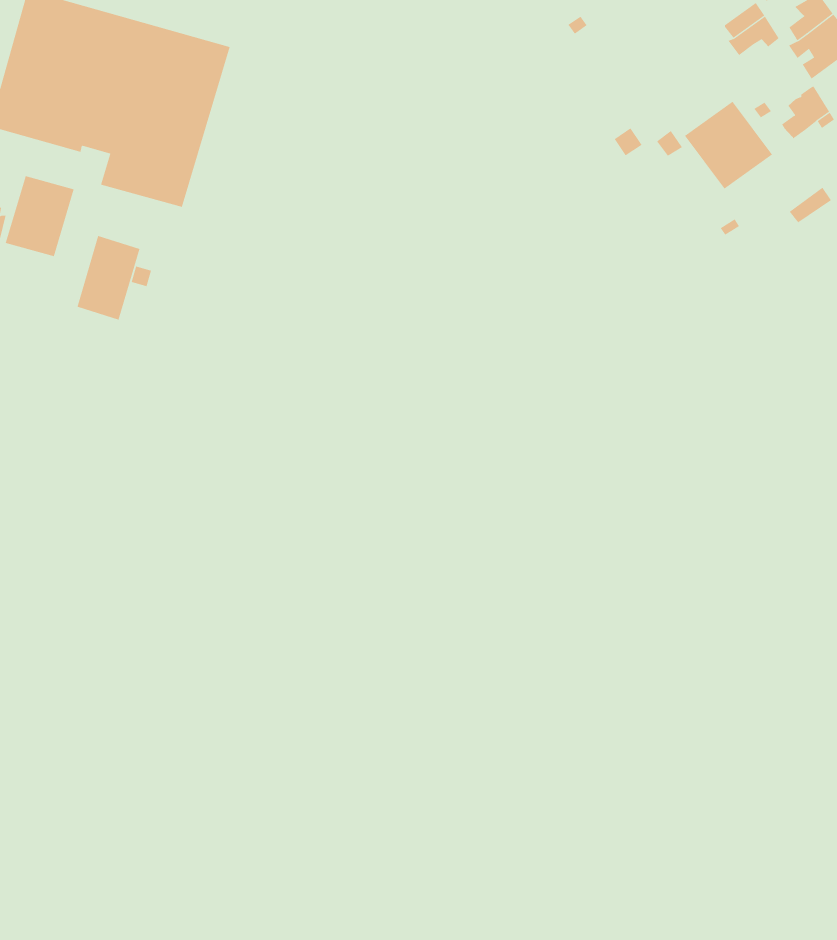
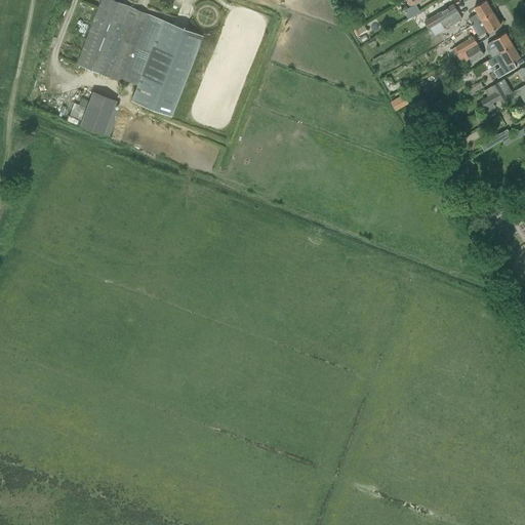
building: [684,101,773,190] -> none
building: [77,235,140,321] -> none

